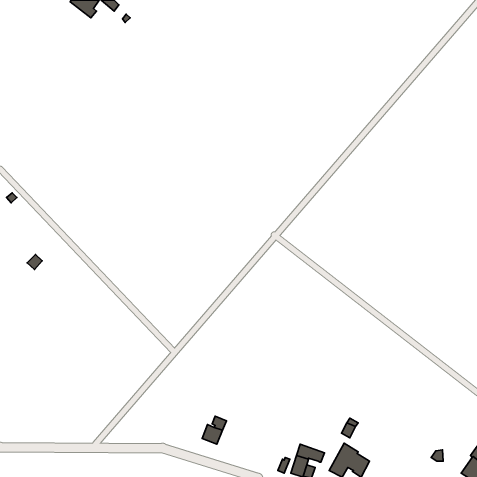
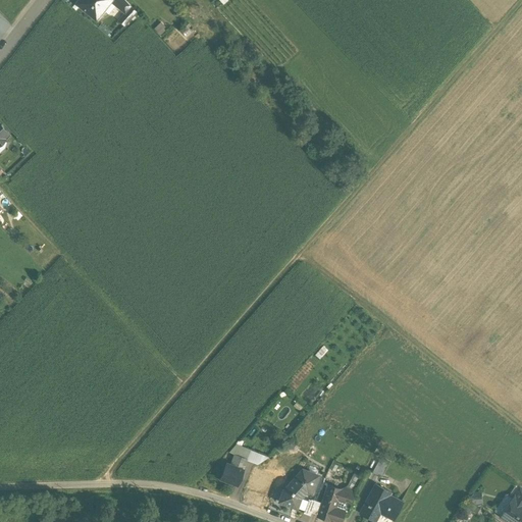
building: none -> [280,471,318,508]

